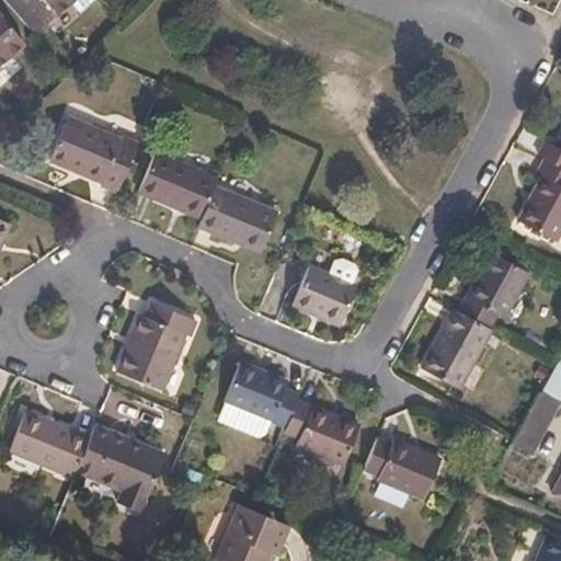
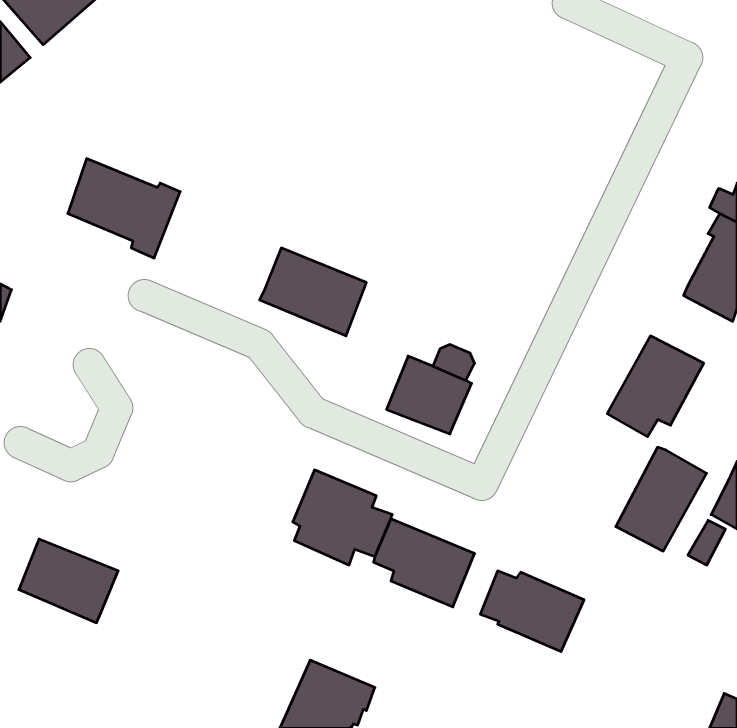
building: [138,156,217,221] -> none
building: [118,299,196,389] -> none
building: [423,312,492,391] -> [616,447,707,551]
building: [77,417,168,505] -> none

